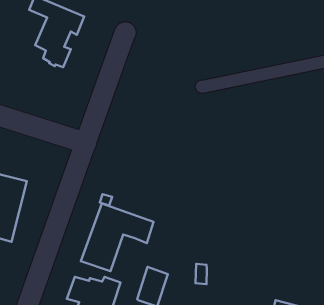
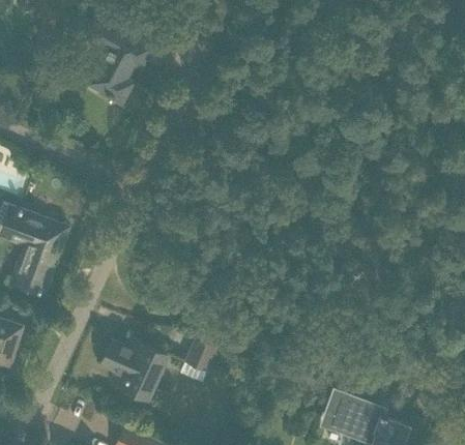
building: [81,204,154,271] -> none

